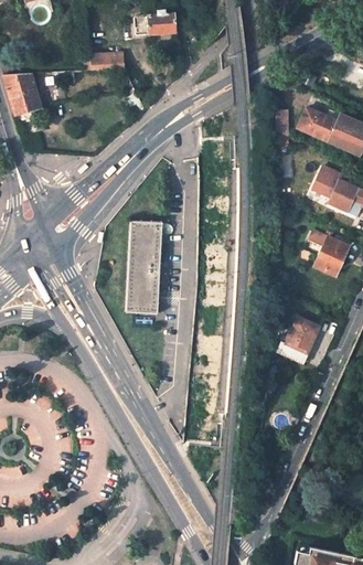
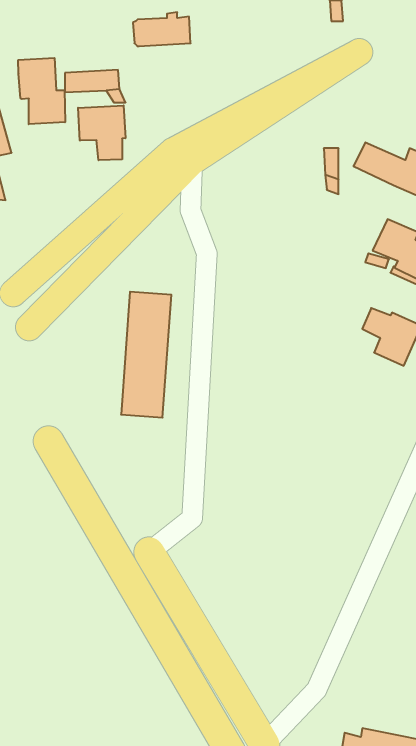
building: none -> [18,58,65,124]
building: none -> [78,105,125,160]
building: [277,317,319,362] -> none

